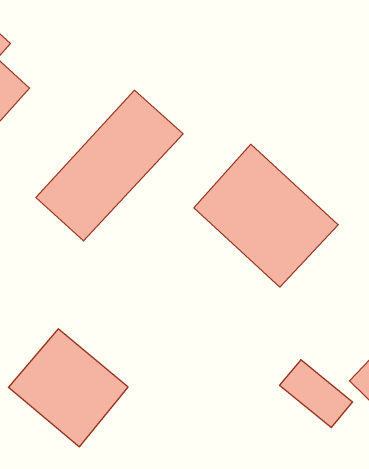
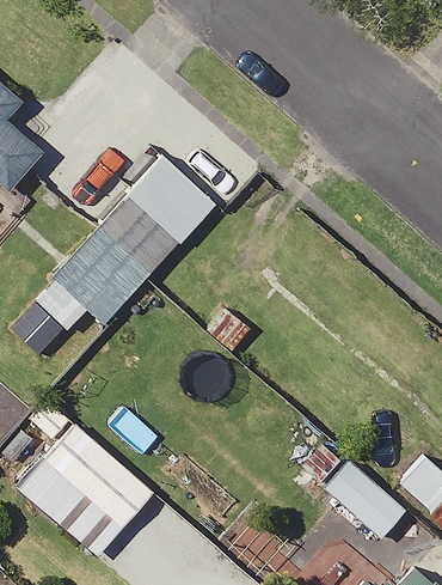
building: [194,144,338,287] -> none

